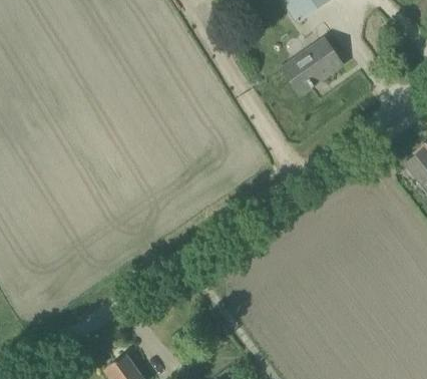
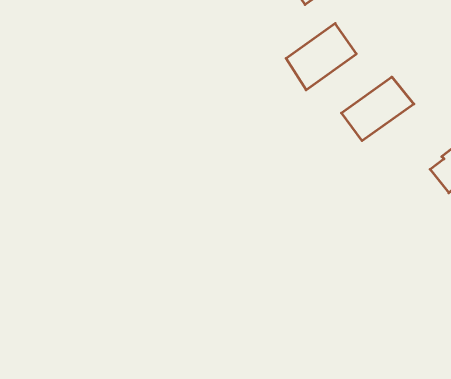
building: none -> [341,77,414,141]

